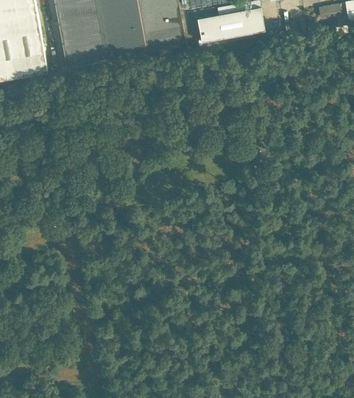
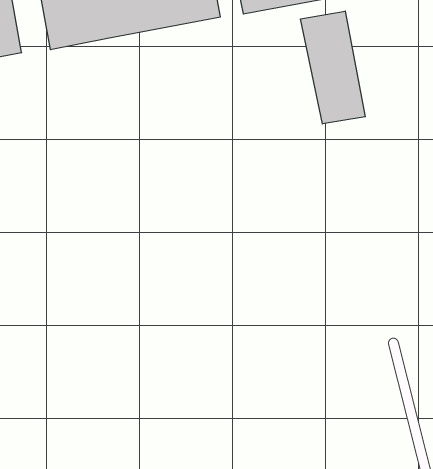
building: none -> [301,11,365,124]

